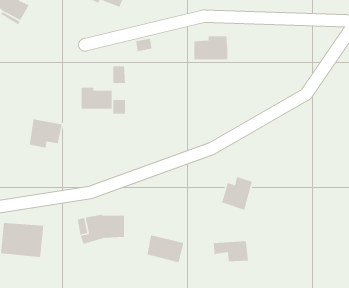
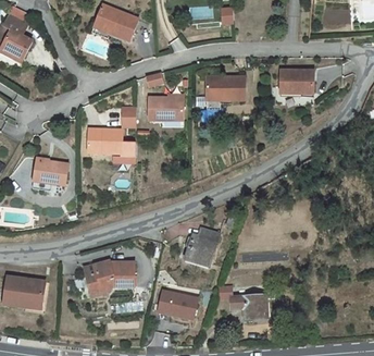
building: none -> [279,70,313,93]
building: none -> [150,96,185,126]
building: [221,176,253,211] -> [183,224,216,261]

